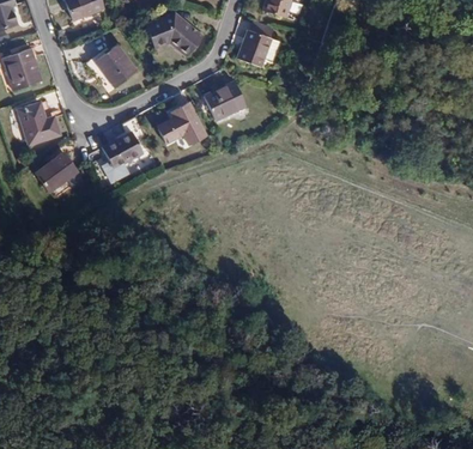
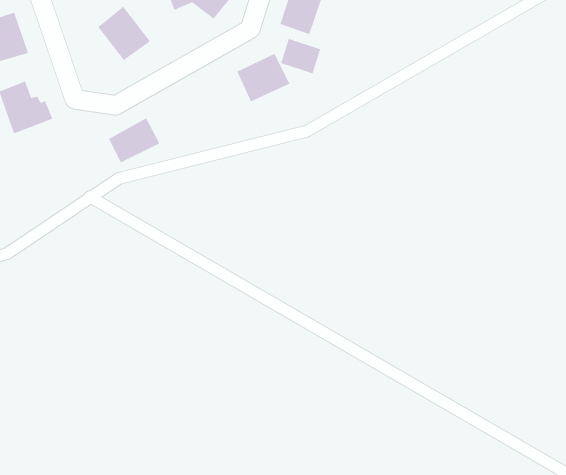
building: none -> [280,38,321,74]
building: [157,104,205,144] -> none
building: [34,152,83,193] -> none

